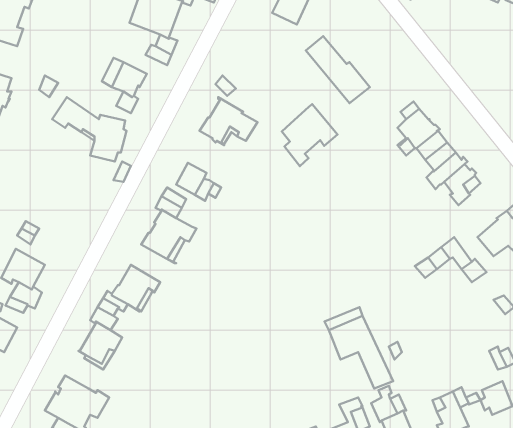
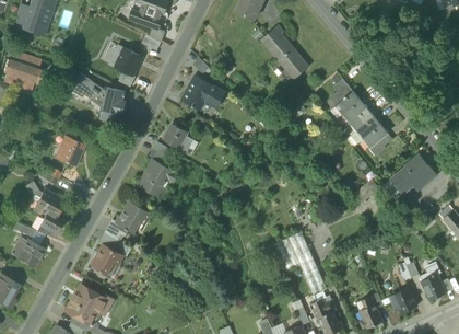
building: [282,104,337,166] -> none
building: none -> [56,136,84,166]

